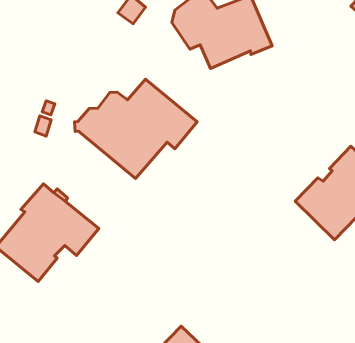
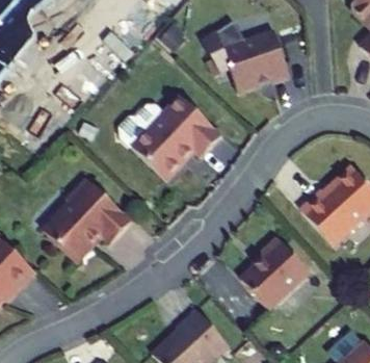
building: none -> [239,236,309,308]

